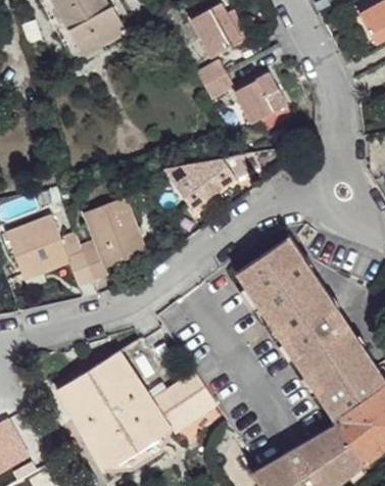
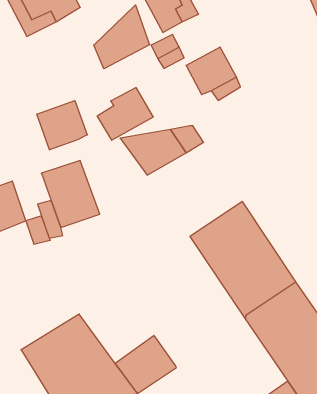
building: none -> [94,5,150,69]
building: none -> [97,88,153,140]
building: none -> [37,101,87,150]

